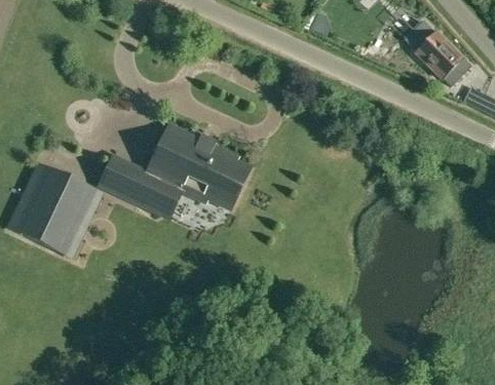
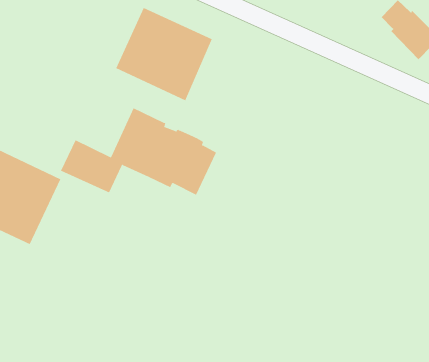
building: none -> [115,7,213,101]

